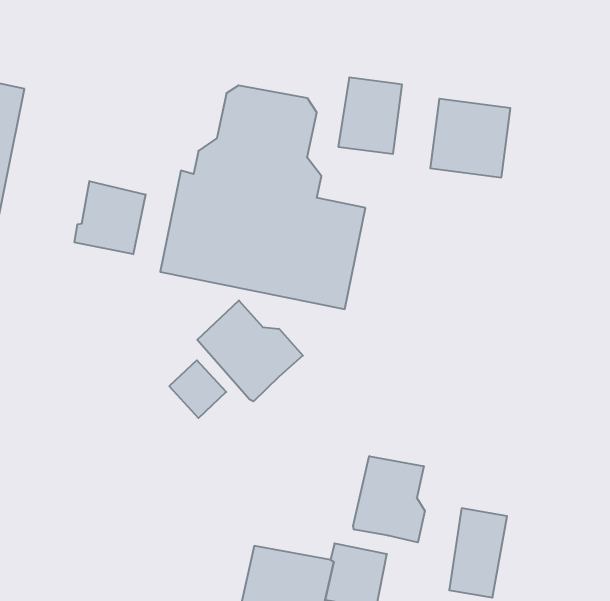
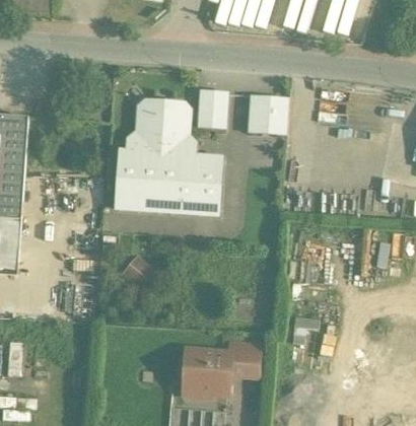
building: [75,181,146,254] -> none
building: [197,300,303,401] -> none
building: [353,456,425,542] -> none

